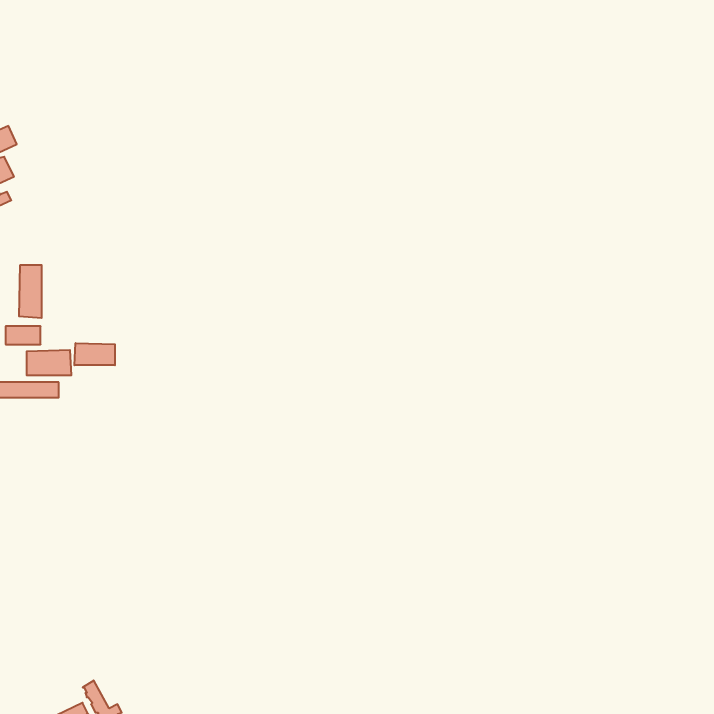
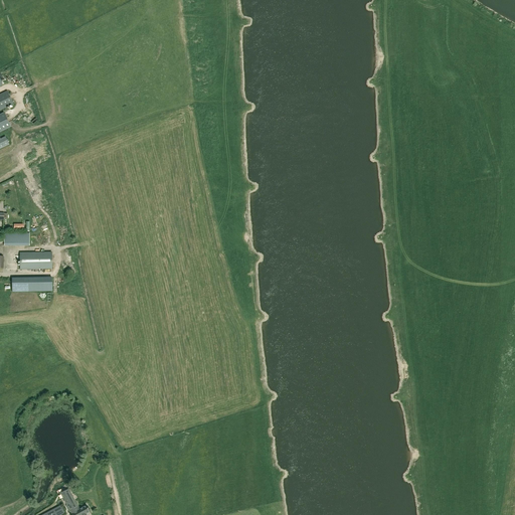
building: [19,265,42,318] -> none
building: [74,343,115,365] -> none

